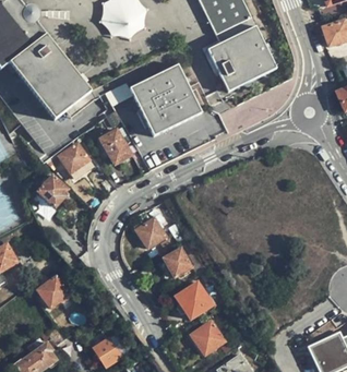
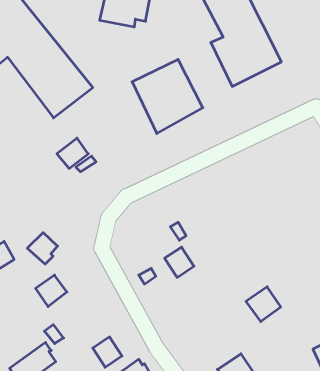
building: [100,129,130,161] -> none
building: [38,175,68,205] -> [27,233,58,264]
building: [135,217,166,248] -> none
building: [175,283,210,319] -> none
building: [190,321,224,355] -> [246,287,281,322]

